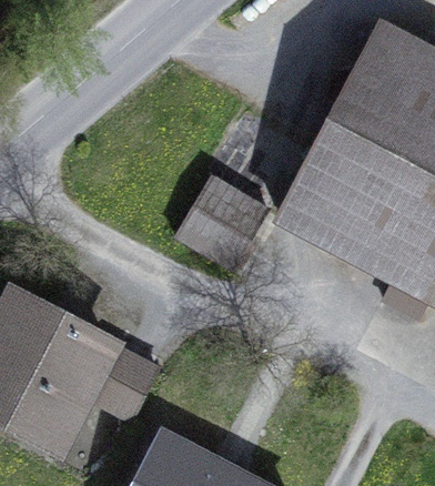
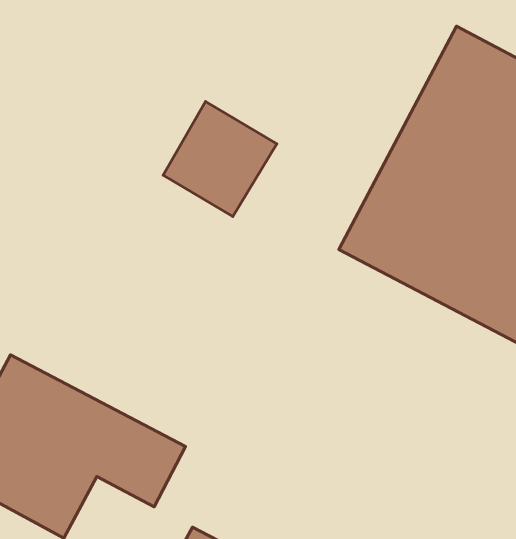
building: [176,175,269,269] -> [163,101,277,216]

